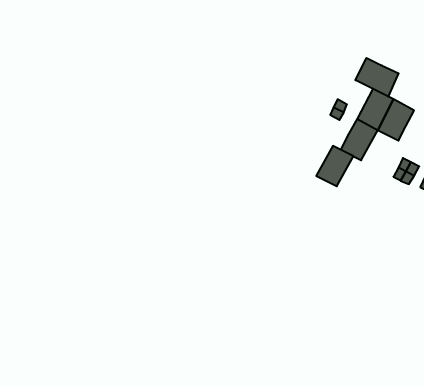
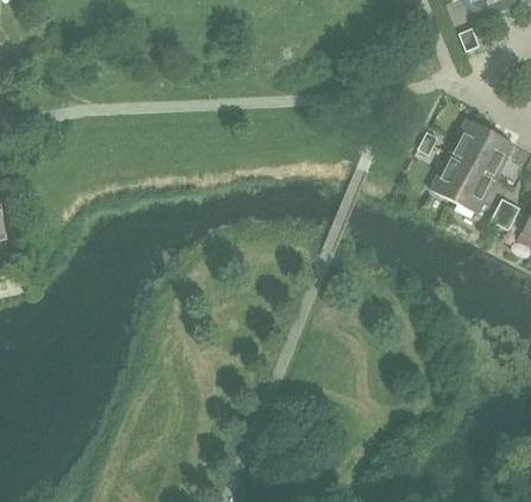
building: [355,58,399,97] -> none
building: [316,146,353,186] -> [452,167,495,213]

